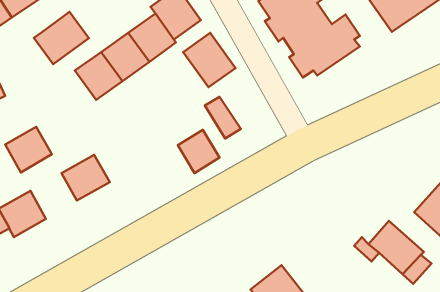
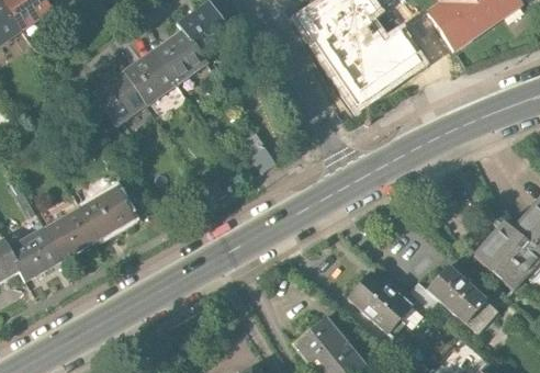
building: [34,12,89,64] -> none
building: [183,33,236,87] -> none
building: [5,127,52,172] -> [43,208,95,260]
building: [178,130,220,173] -> none
building: none -> [348,270,412,338]

